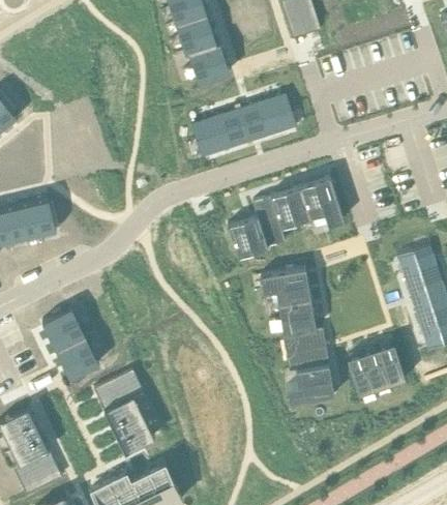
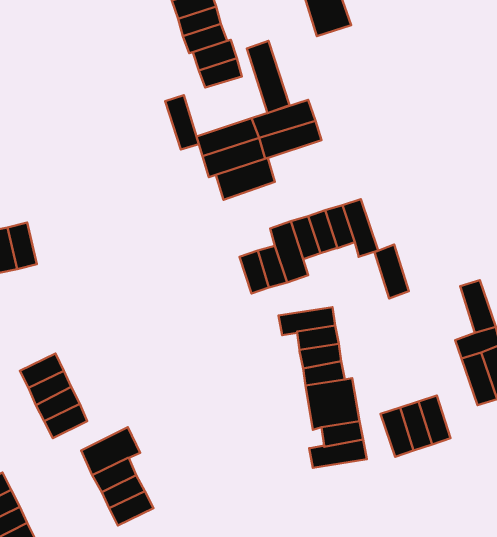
building: none -> [247,41,289,113]
building: none -> [165,95,199,150]
building: none -> [216,158,275,200]
building: [397,251,426,297] -> [374,245,409,299]

